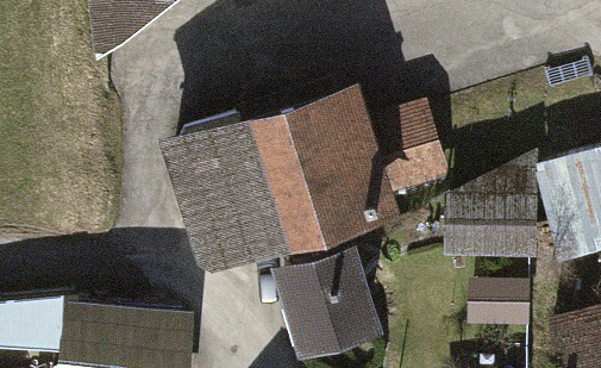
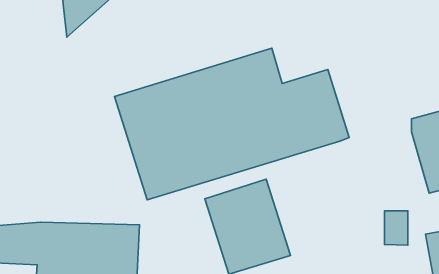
building: [445,155,538,257] -> none

